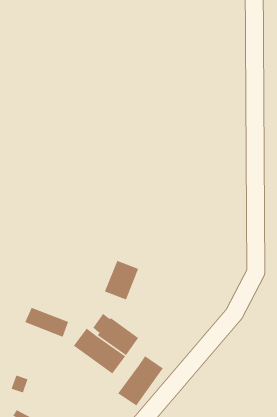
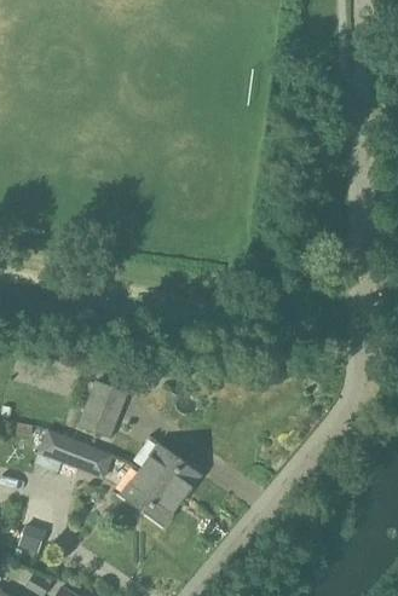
building: [104,260,139,300] -> [80,381,129,438]
building: [117,355,164,407] -> none

